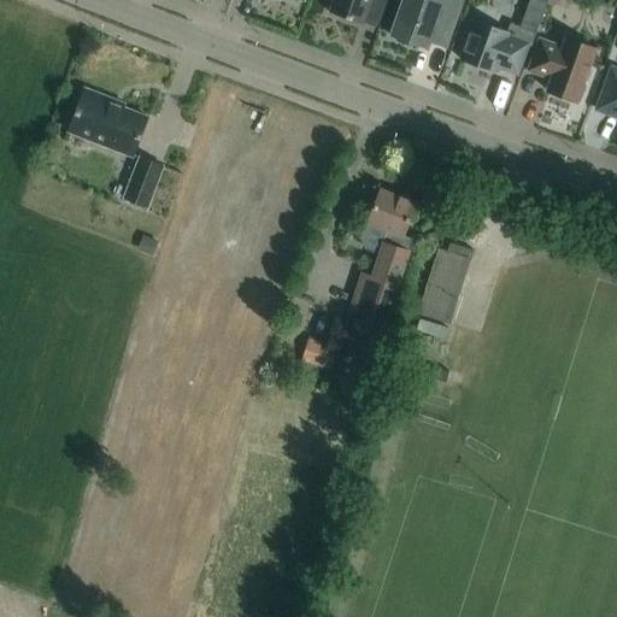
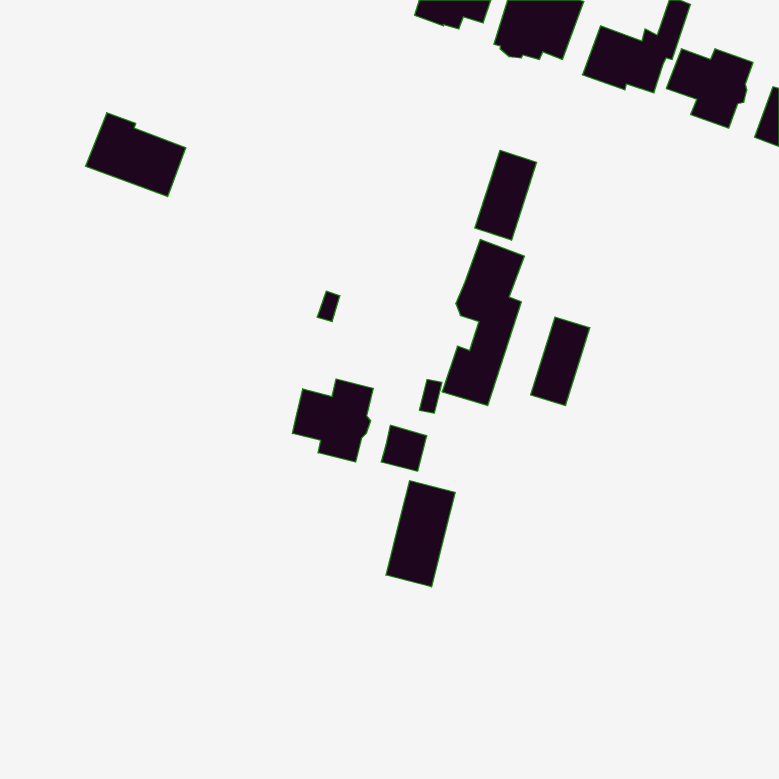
building: none -> [475,150,537,240]
building: [123,157,161,207] -> none
building: none -> [292,379,373,462]
building: none -> [386,481,455,587]

